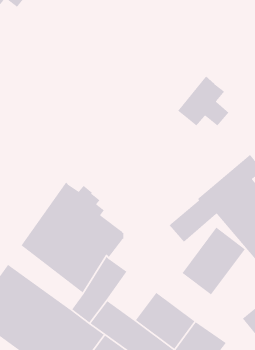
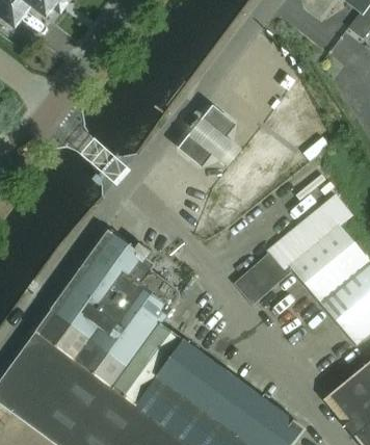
building: [177,75,229,127] -> [178,105,242,168]
building: [181,227,246,296] -> none
building: none -> [35,309,128,388]
building: none -> [158,341,218,401]

